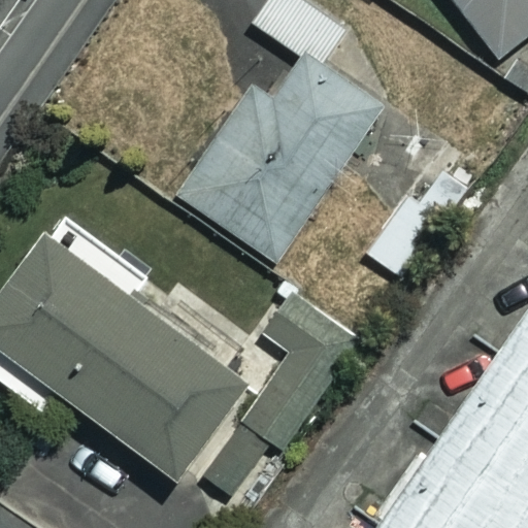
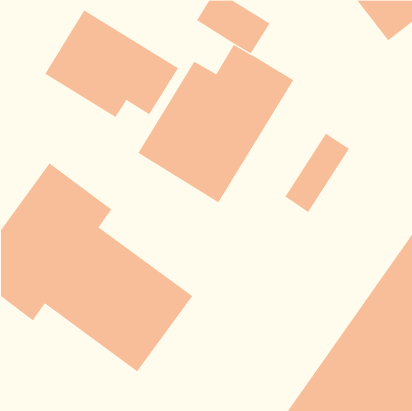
building: none -> [45,9,179,118]
building: [211,297,362,490] -> none

